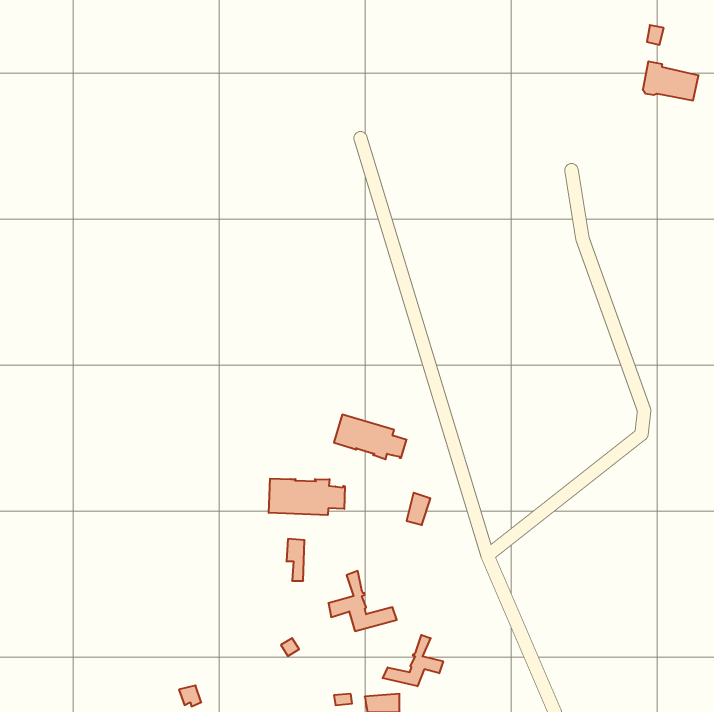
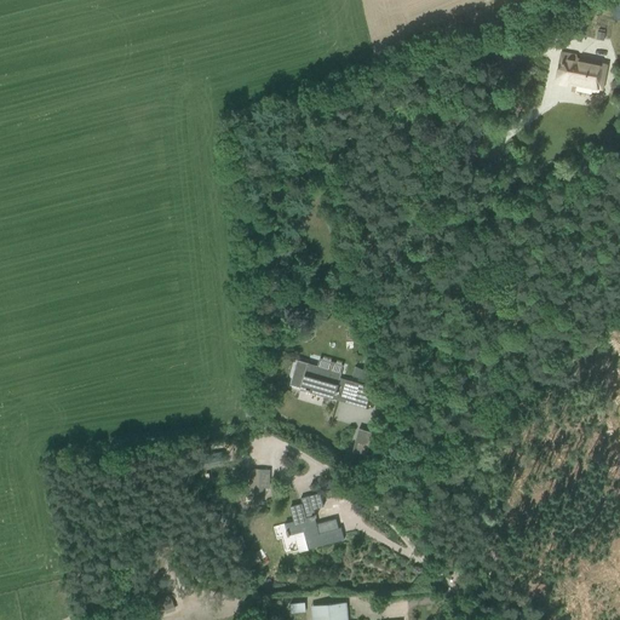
building: [269,479,345,515] -> none
building: [383,635,443,686] -> none

